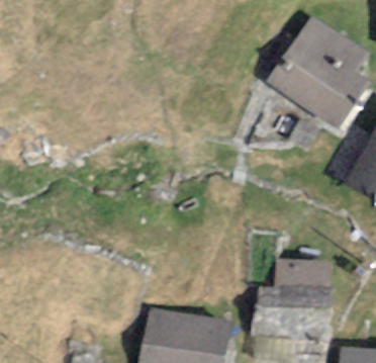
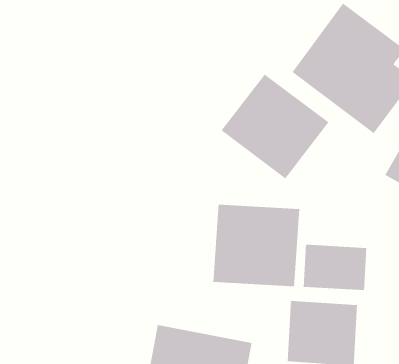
building: none -> [220,73,330,179]
building: none -> [212,204,300,287]

